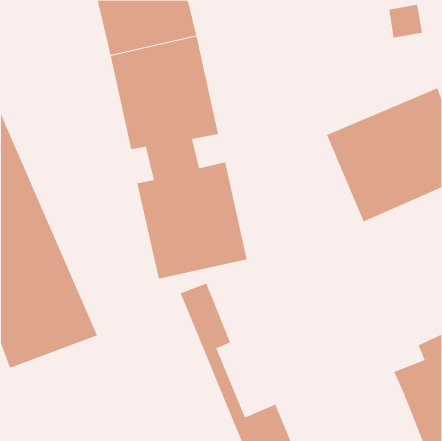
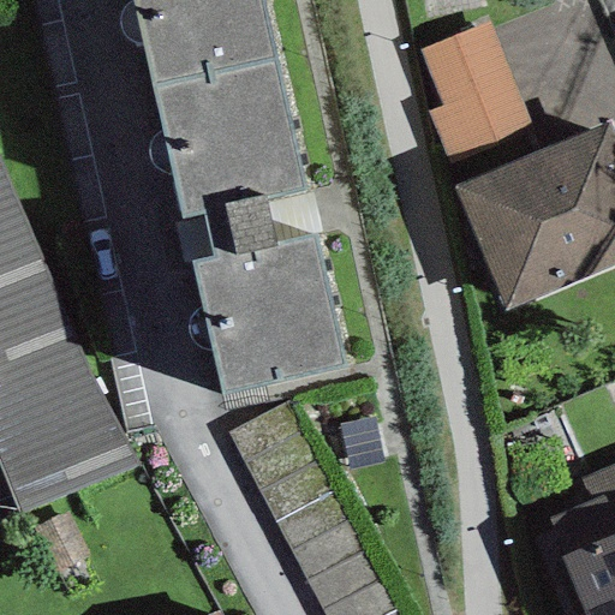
building: none -> [418,22,532,166]

